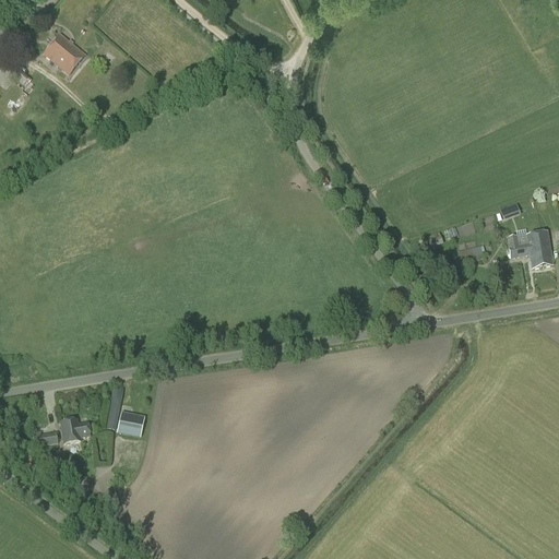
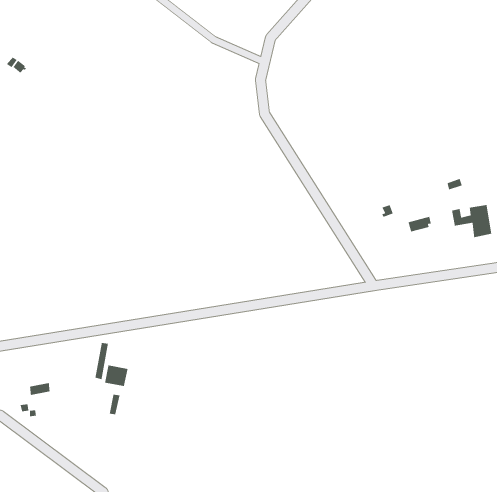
building: [44,33,85,72] -> none
building: [60,417,91,441] -> none

